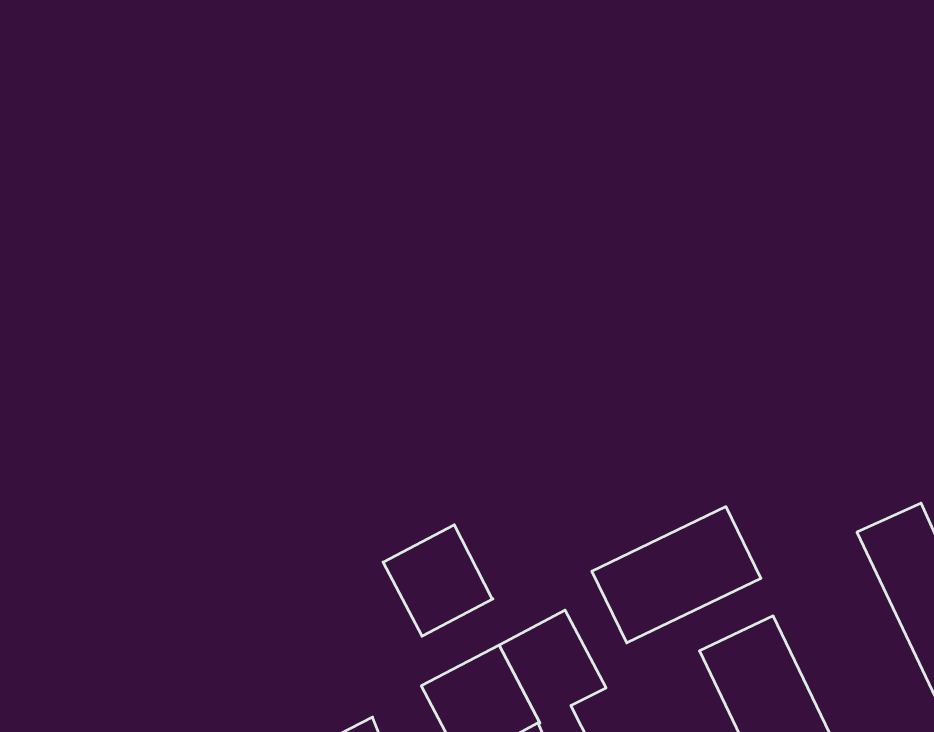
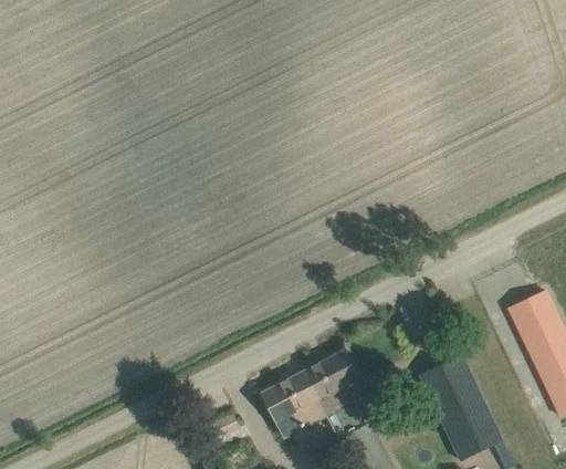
building: [592,507,761,643] -> none
building: [383,525,493,636] -> none

